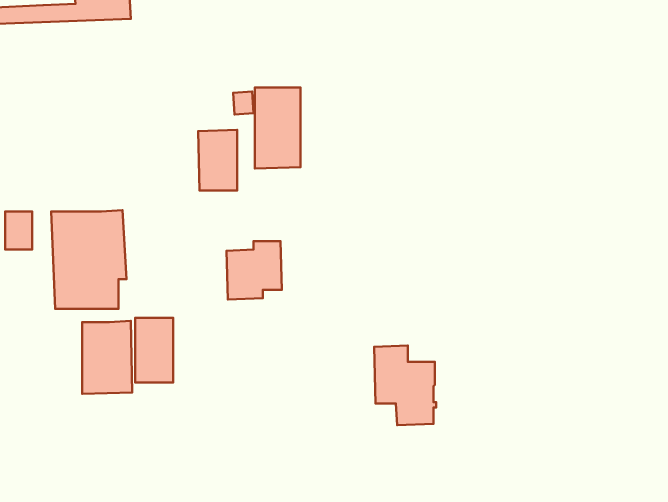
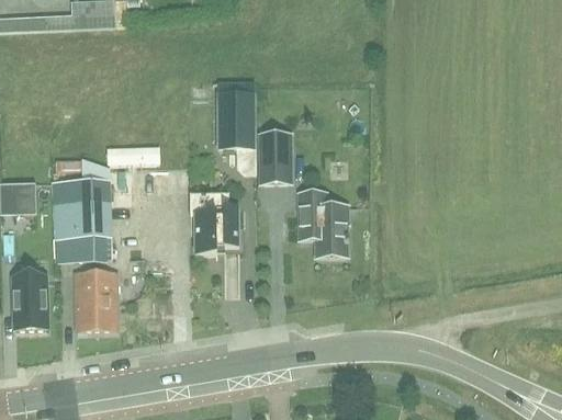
building: [198,130,237,190] -> [259,132,291,181]
building: [135,318,173,382] -> [15,277,46,330]
building: [374,346,436,425] -> [299,191,349,256]

